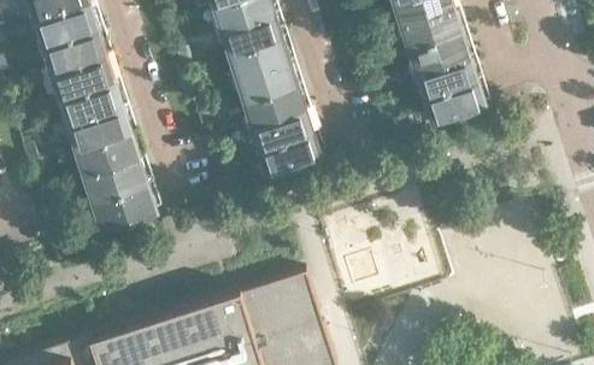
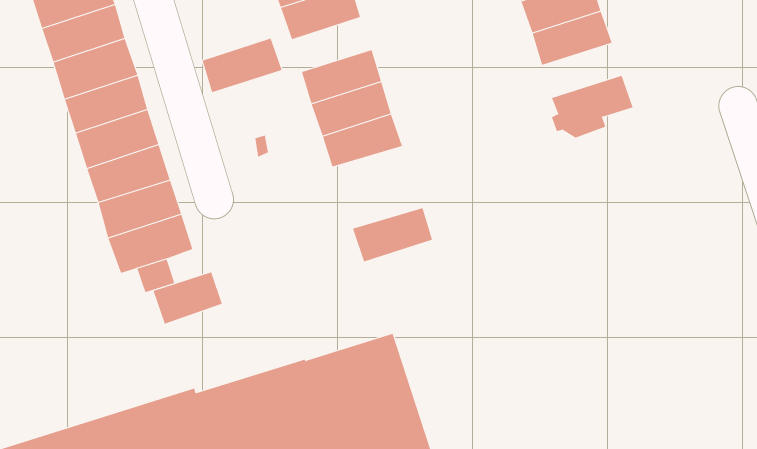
building: [229,35,289,76] -> [202,38,282,93]
building: [416,54,476,95] -> none
building: [259,131,319,172] -> [352,207,433,262]
building: none -> [153,271,222,325]

